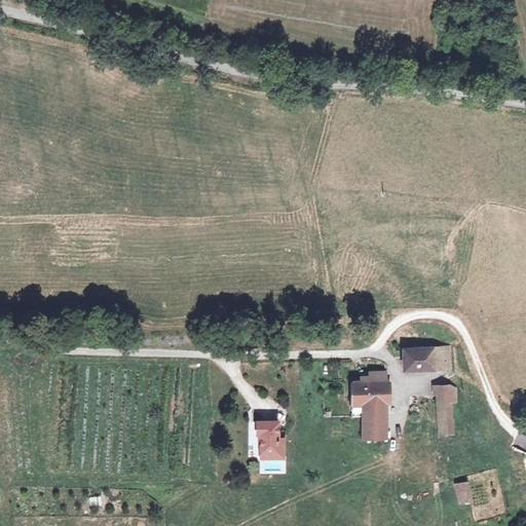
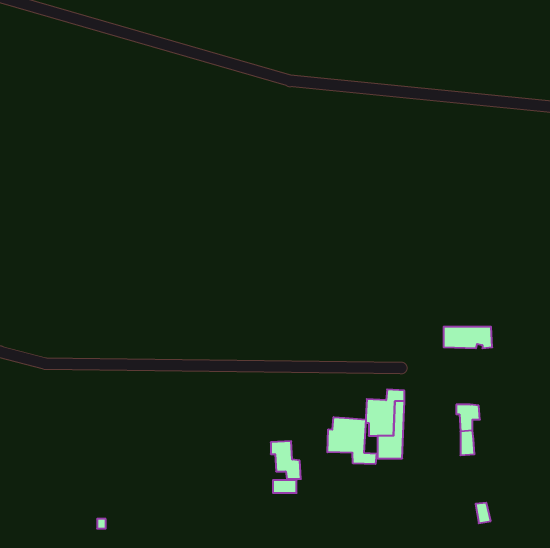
building: [404,349,450,370] -> [444,327,492,348]
building: none -> [327,417,376,464]

